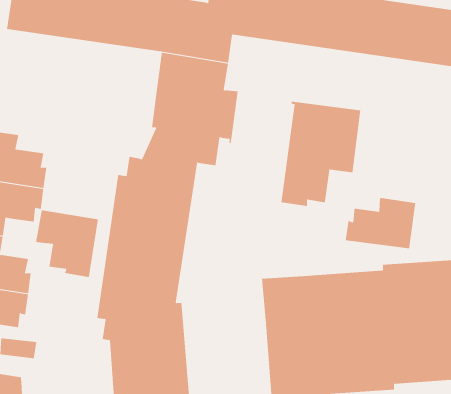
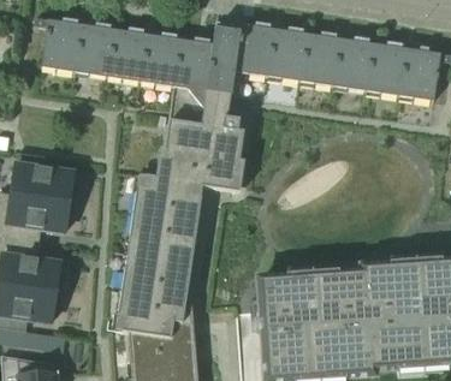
building: [281,101,361,207] -> none
building: [345,197,416,249] -> none
building: [36,210,98,278] -> none

